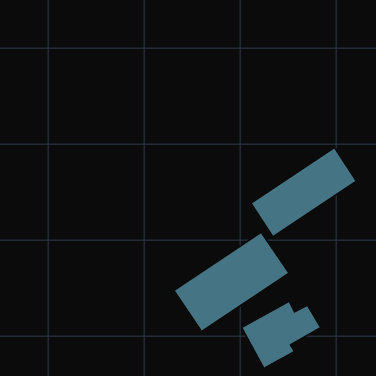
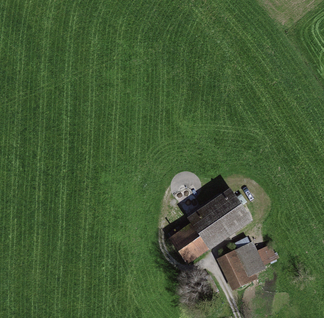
building: [251,147,357,237] -> none

